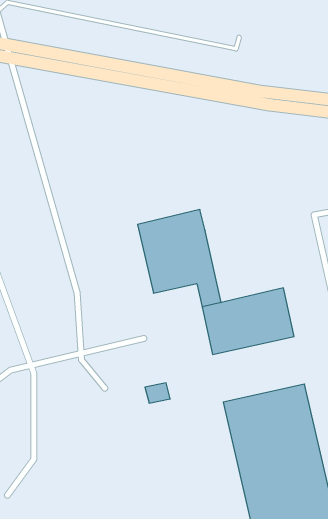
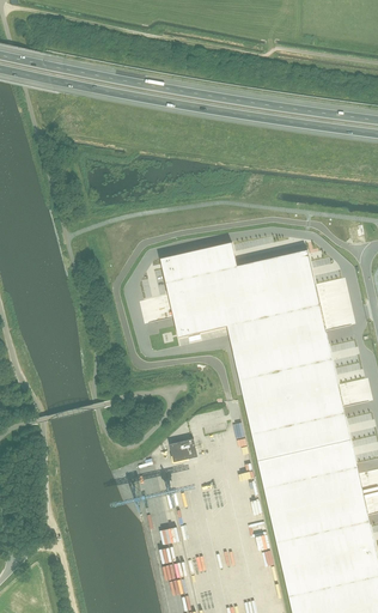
building: none -> [237,250,325,348]
building: none -> [245,387,349,461]

